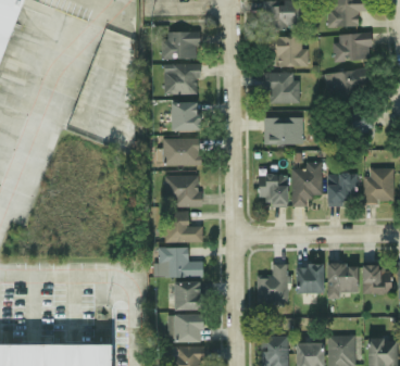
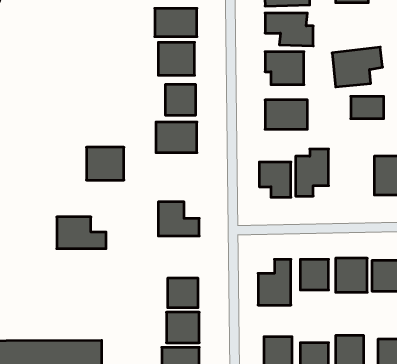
building: [334,34,370,61] -> none
building: [326,174,357,203] -> none
building: [165,176,200,206] -> [86,147,124,180]
building: [157,248,202,277] -> [57,217,106,249]

